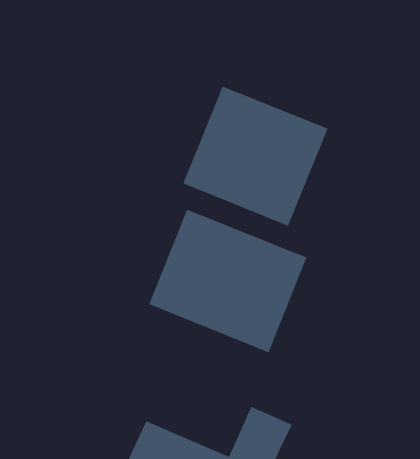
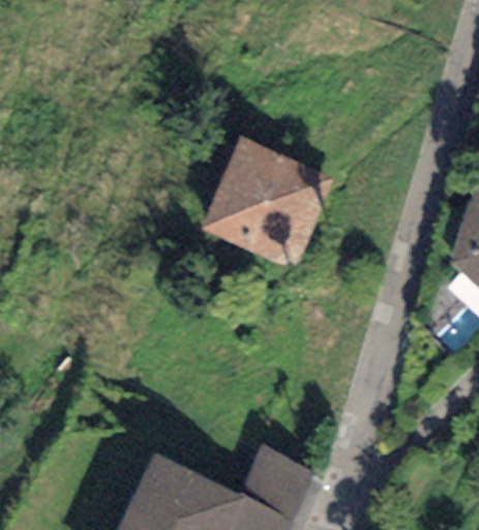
building: [148,209,307,353] -> none

